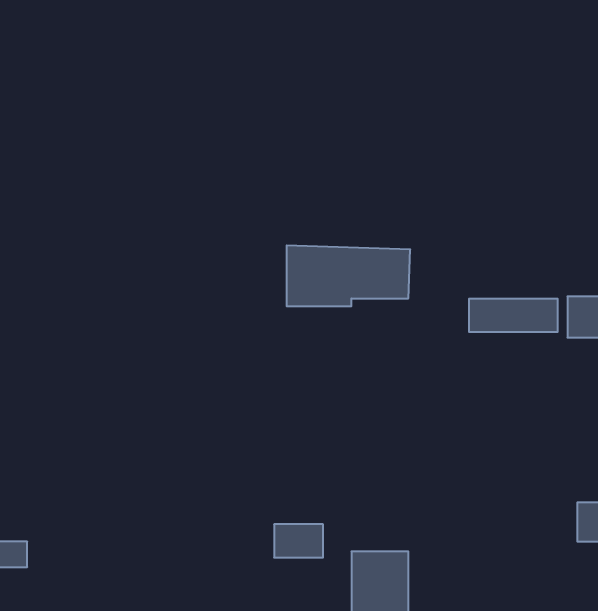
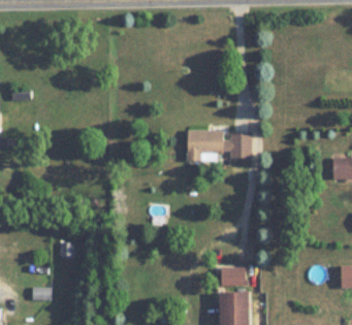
building: [469,299,558,332] -> none
building: [274,524,323,558] -> [218,268,244,286]

